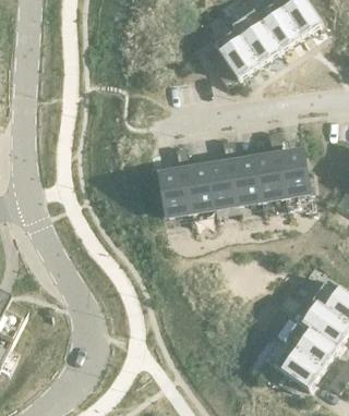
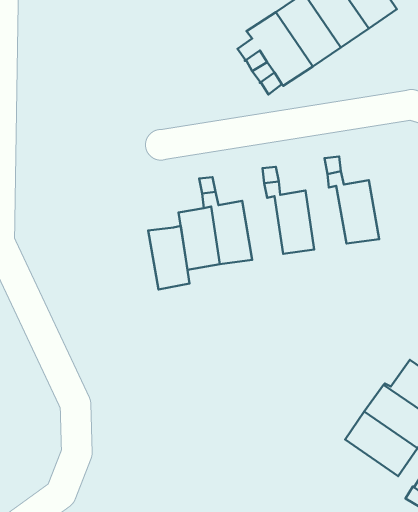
building: [252,154,282,200] -> none
building: [205,161,236,208] -> [148,226,190,289]
building: [272,341,321,390] -> none

